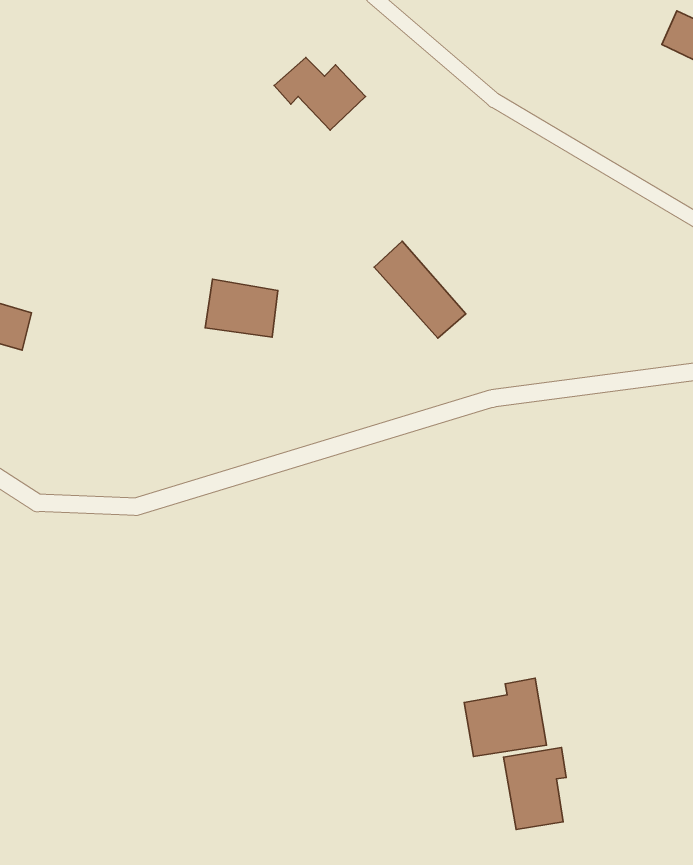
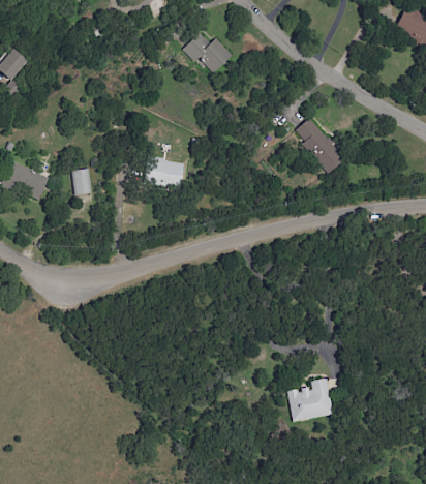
building: [374,241,466,338] -> [294,119,344,173]
building: none -> [72,169,92,195]
building: [503,747,566,829] -> none

